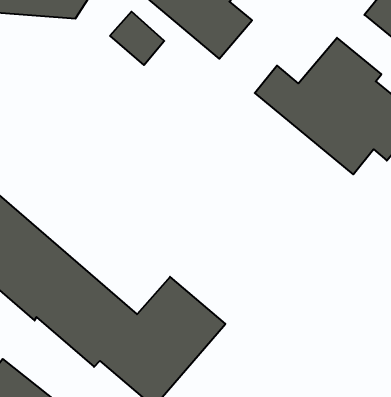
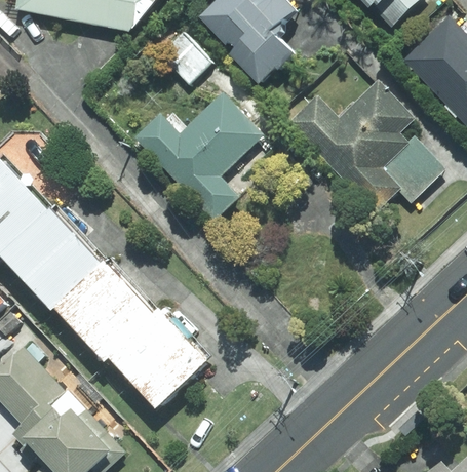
building: none -> [134,88,265,220]

